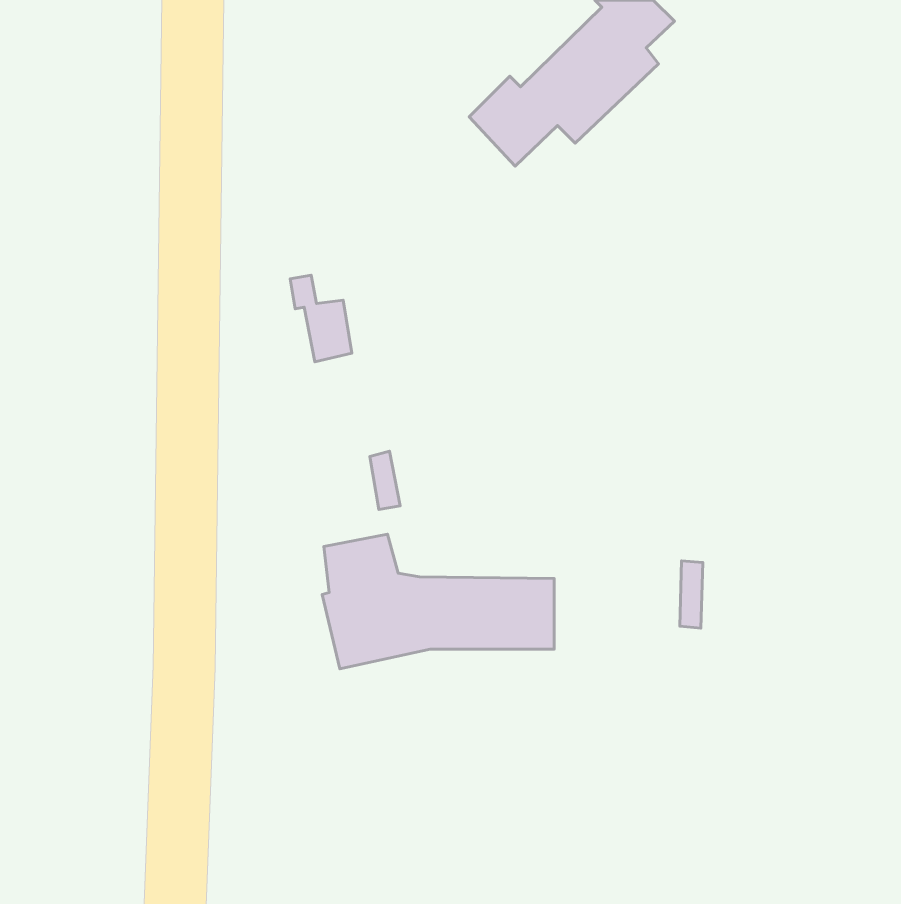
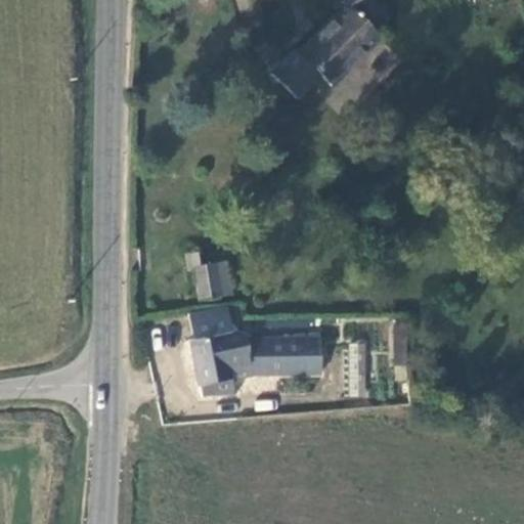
building: [290,275,352,362] -> [185,250,221,300]

